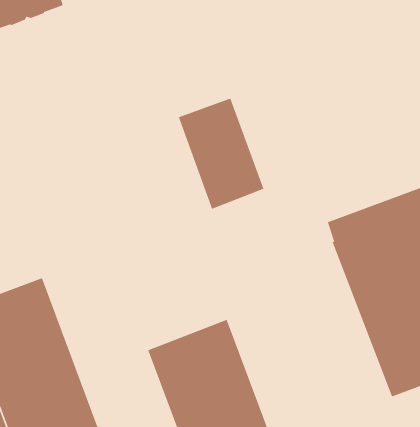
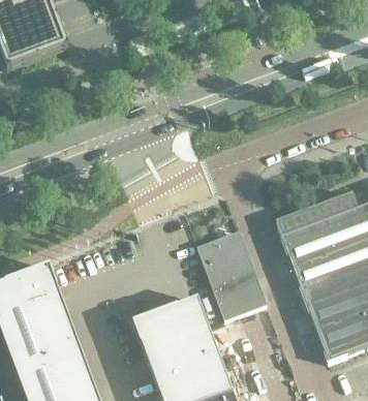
building: [178,97,265,210] -> [196,228,266,318]

